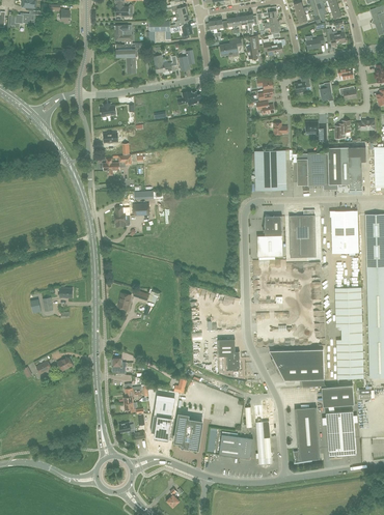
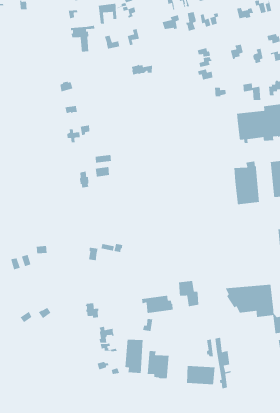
building: [254,150,286,191] -> none
building: [257,216,283,257] -> none
building: none -> [141,295,174,314]
building: [294,407,321,463] -> none

